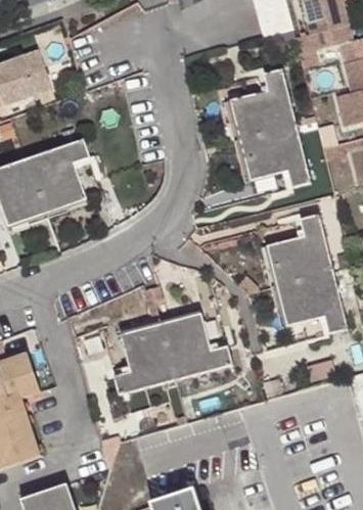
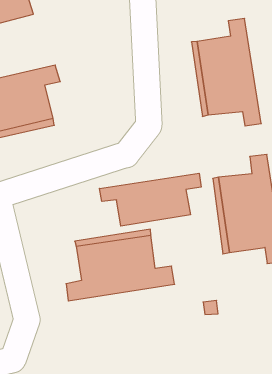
building: none -> [99,173,201,226]

